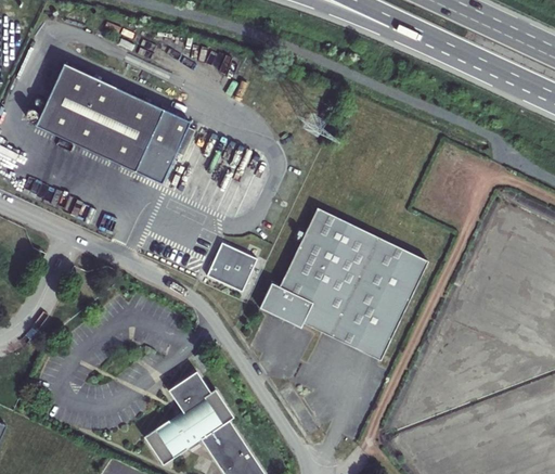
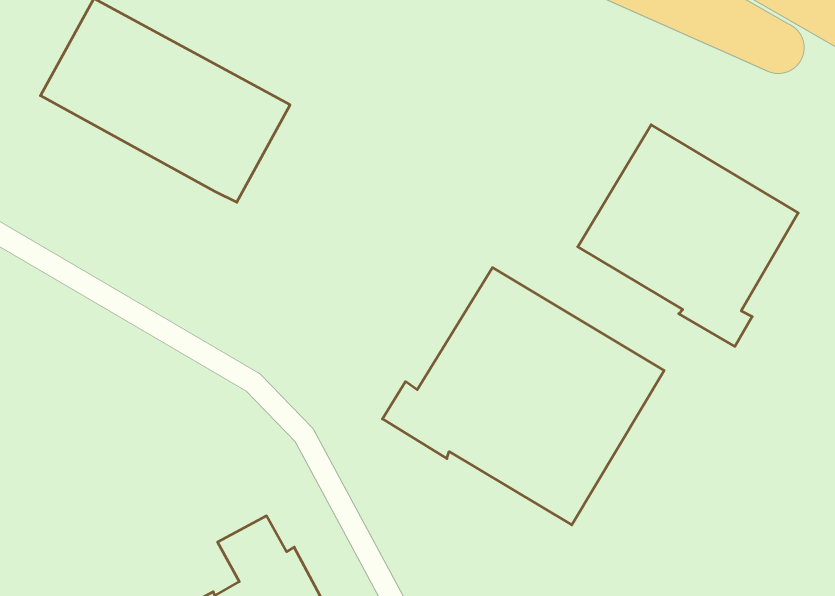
building: none -> [578,125,798,346]
building: [207,242,257,292] -> none

